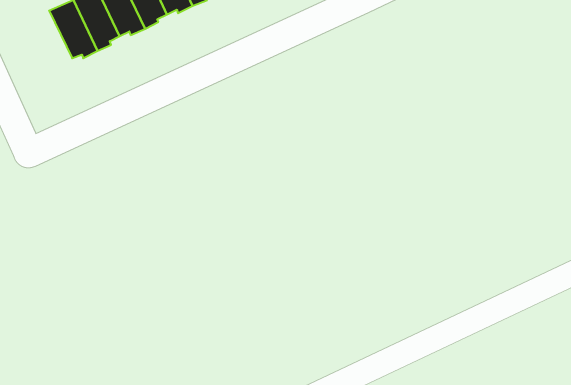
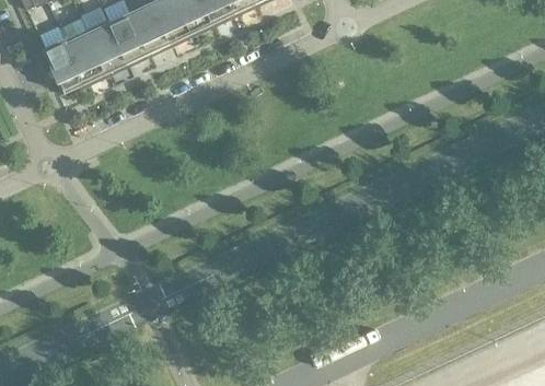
building: none -> [40,31,81,86]

